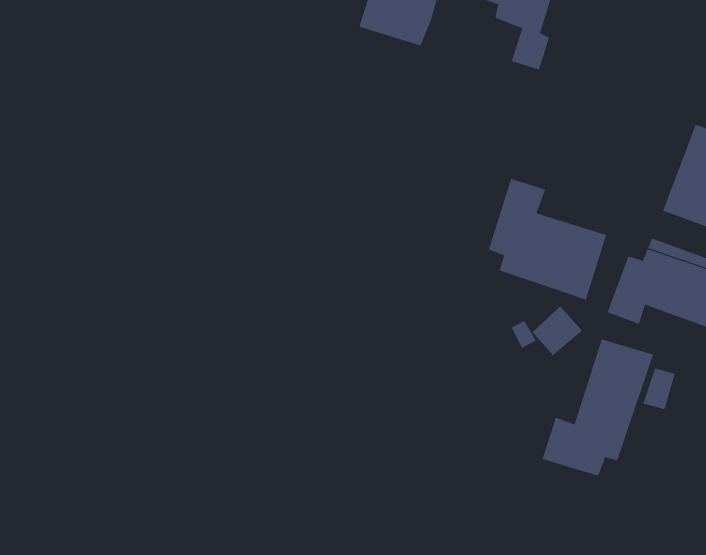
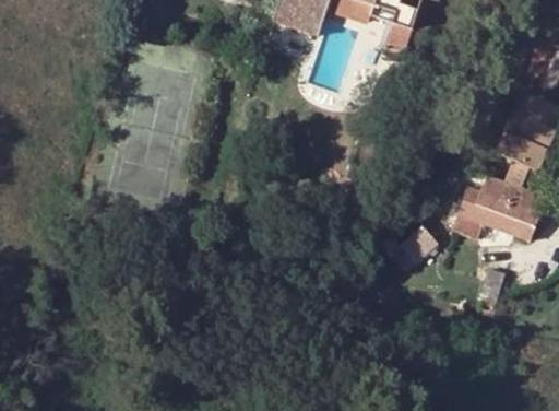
building: [488,178,607,301] -> none
building: [542,338,654,477] -> none

